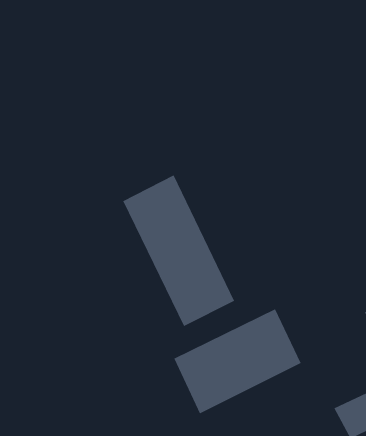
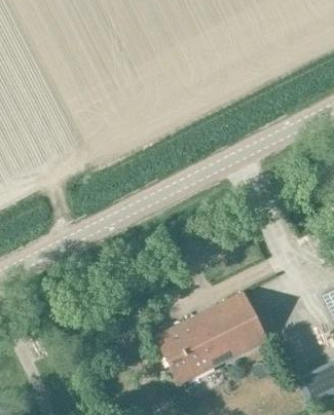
building: [122,174,235,327] -> none

